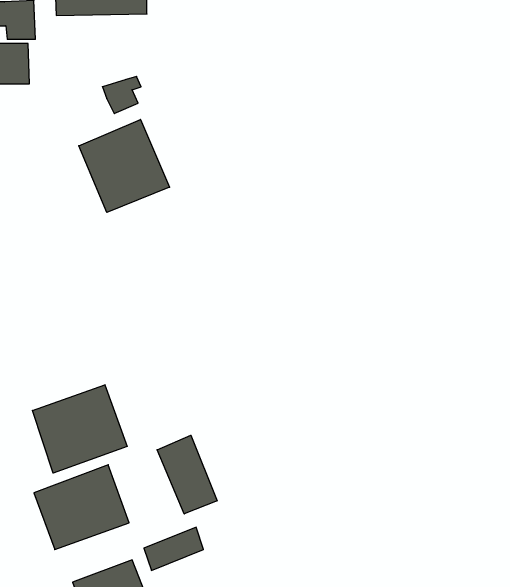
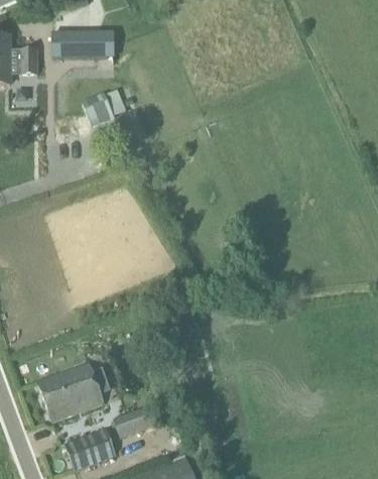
building: [79,119,170,212] -> none
building: [32,385,127,473] -> none
building: [157,435,217,514] -> none

